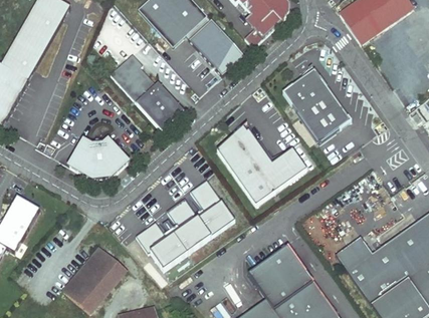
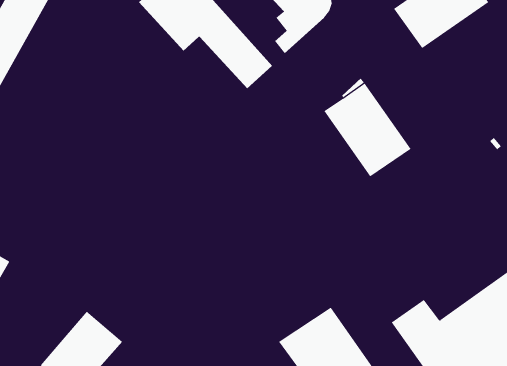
building: [110,53,184,130] -> none
building: [216,129,306,205] -> none
building: [69,139,127,179] -> none
building: [135,179,234,269] -> none

